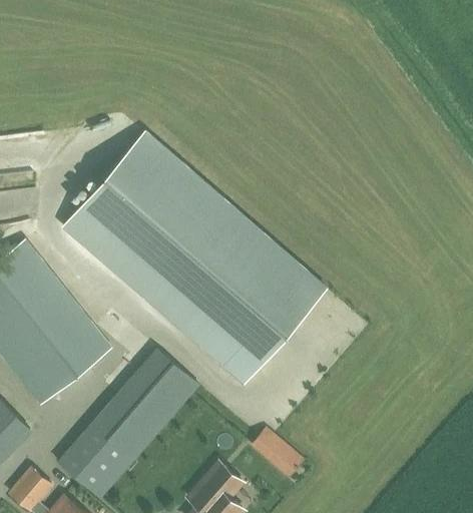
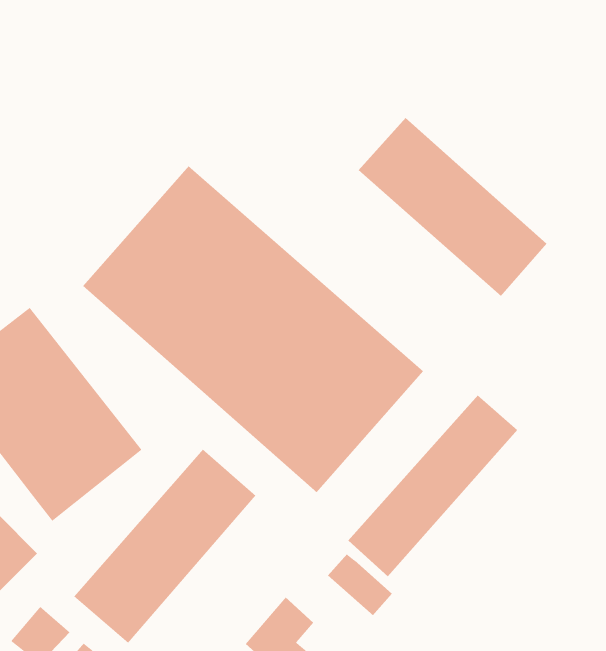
building: none -> [358,117,548,297]
building: none -> [348,394,518,577]

